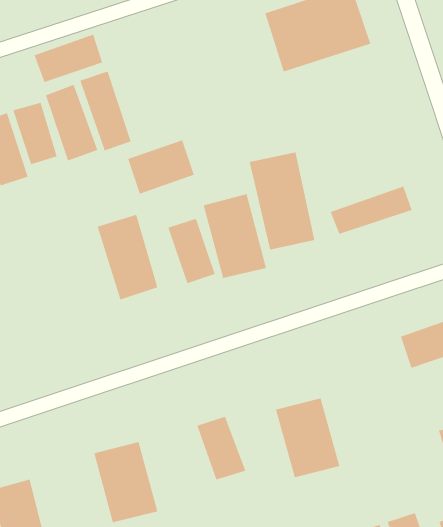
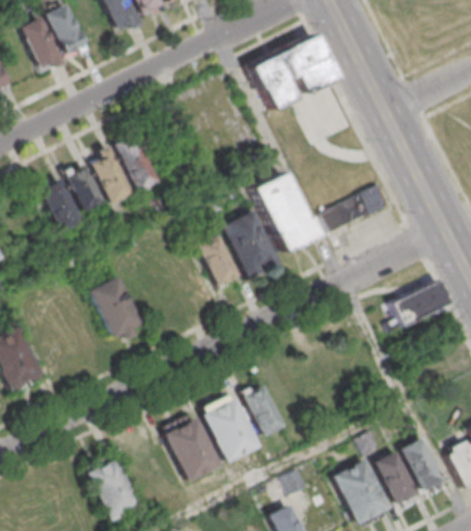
building: [34,34,103,83] -> none
building: [128,139,194,194] -> none
building: [97,214,158,300] -> [91,275,145,344]
building: [275,398,340,478] -> [203,398,260,463]

